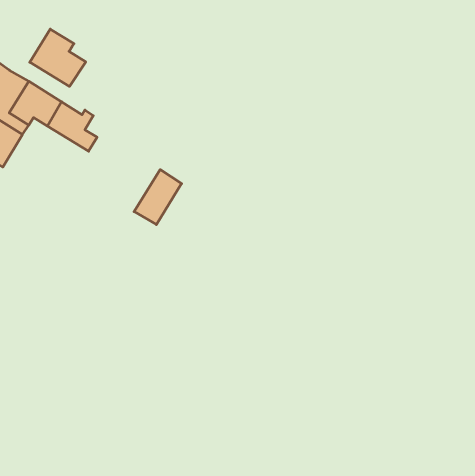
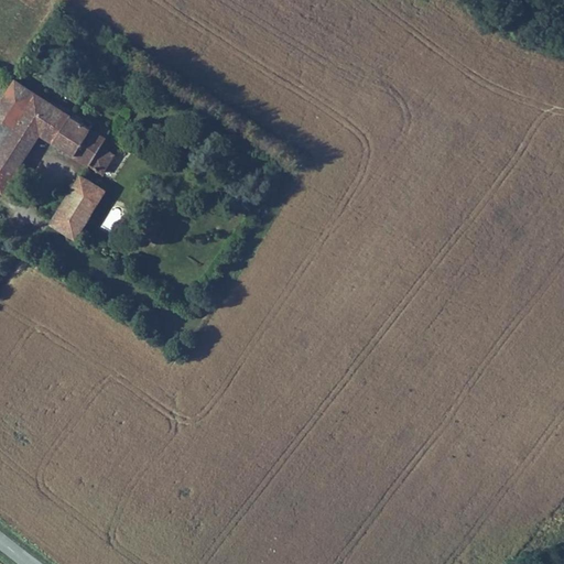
building: [30,29,86,86] -> none
building: [134,170,182,225] -> [48,170,105,235]

